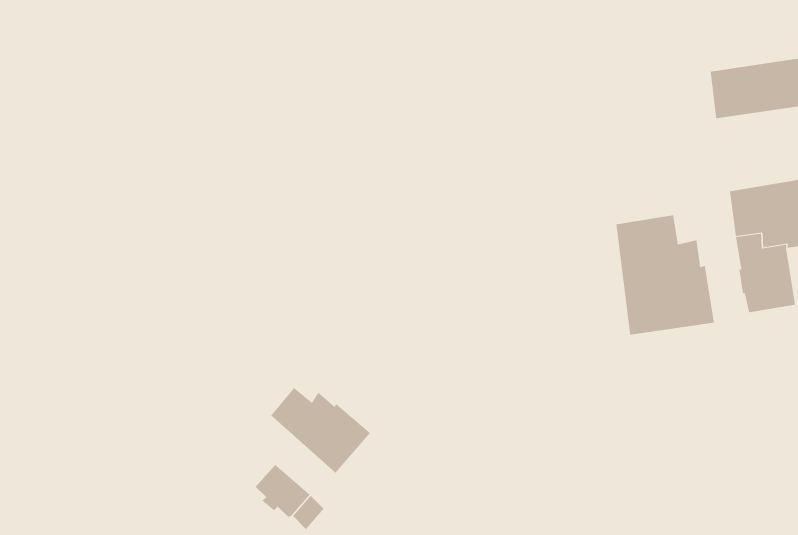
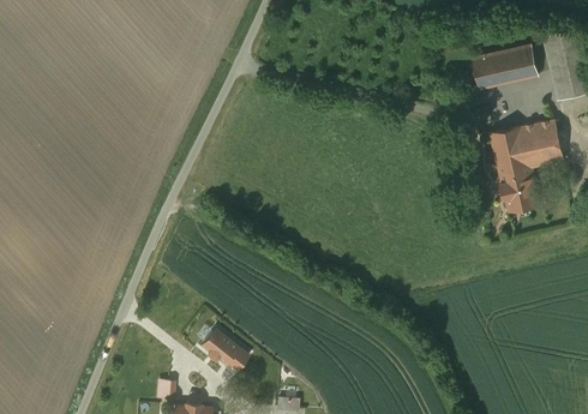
building: [616,215,714,335] -> none
building: [271,387,371,473] -> none

